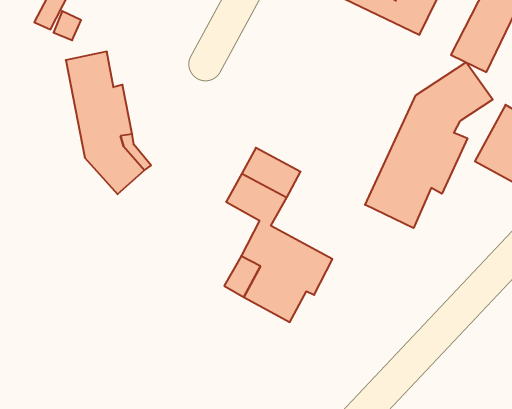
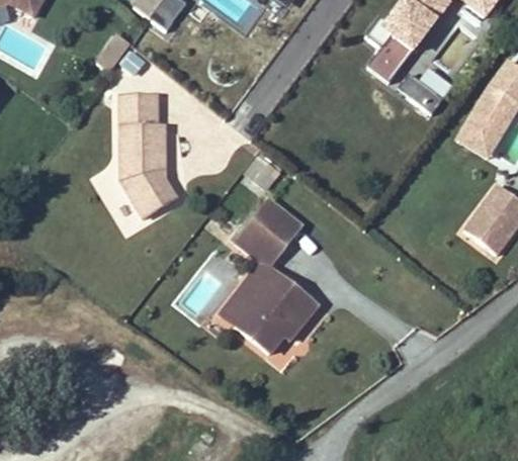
building: [365,62,493,228] -> none

